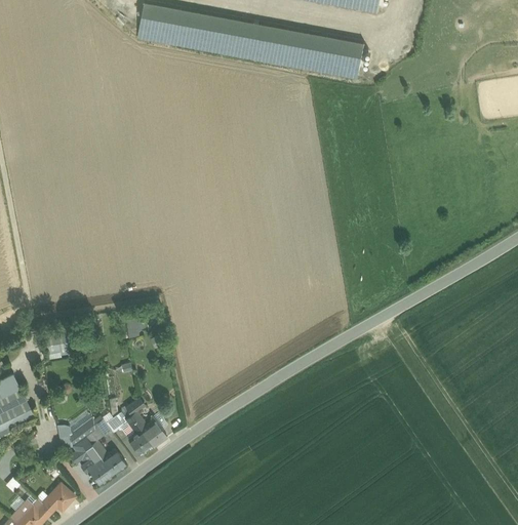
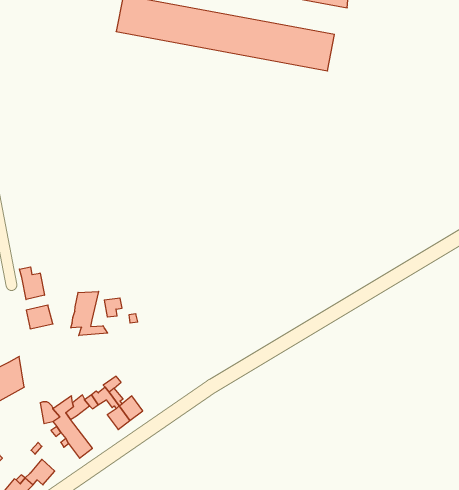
building: none -> [19,267,44,300]
building: none -> [71,291,108,336]
building: [89,439,125,473] -> none

